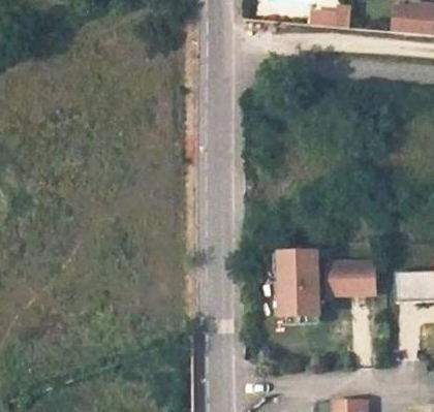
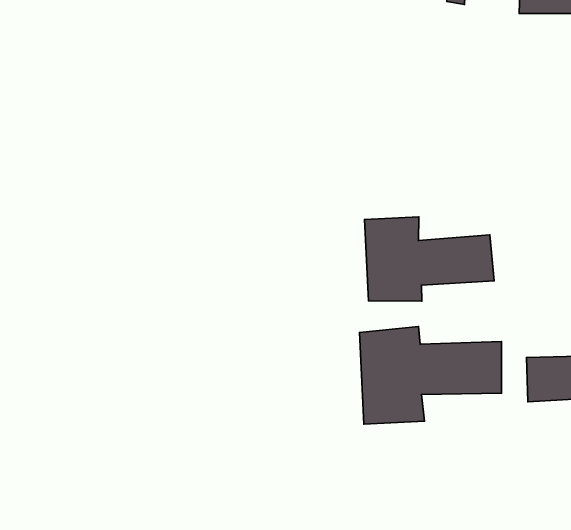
building: none -> [365,217,494,301]

